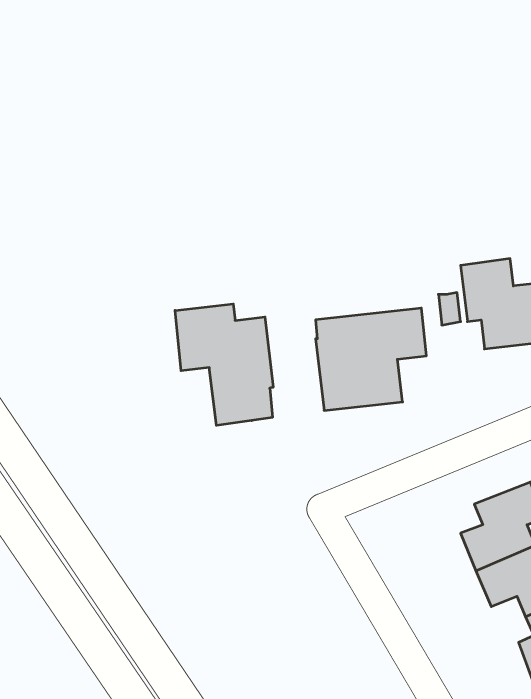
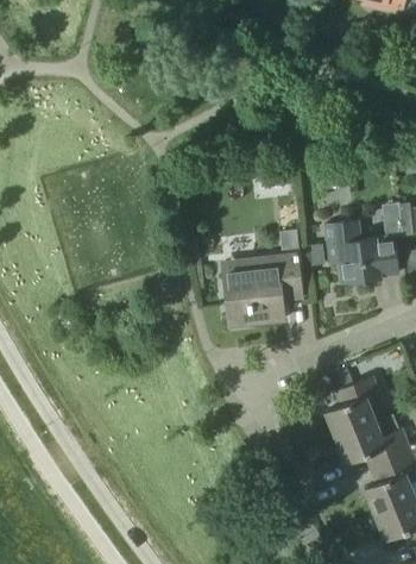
building: [175,304,273,425] -> none

